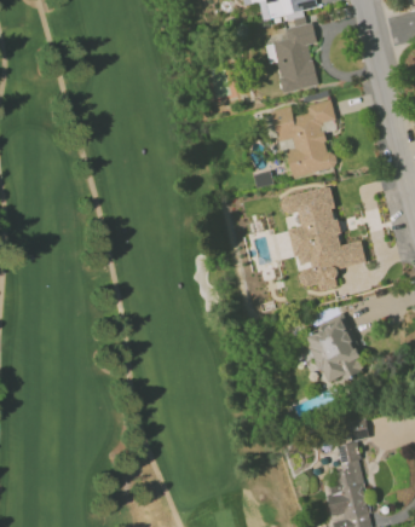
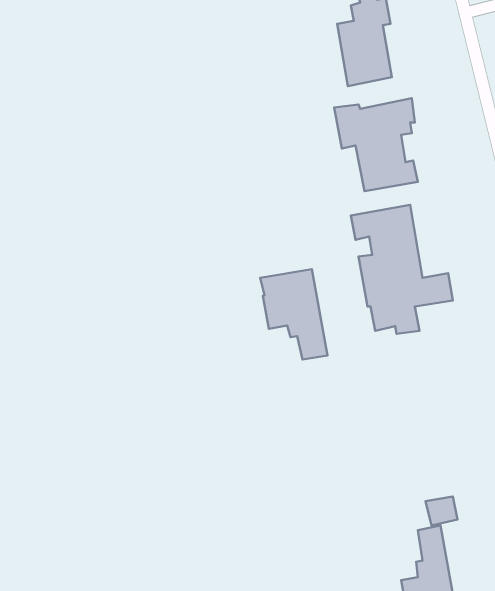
building: none -> [260,269,328,360]
building: [305,315,365,383] -> none

